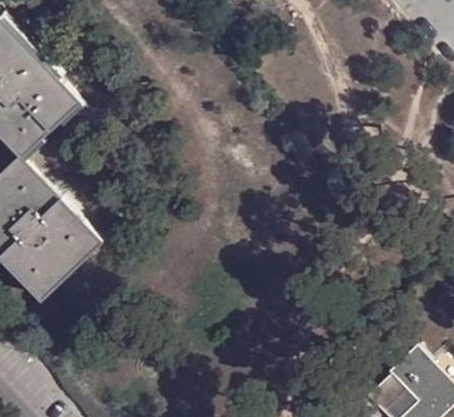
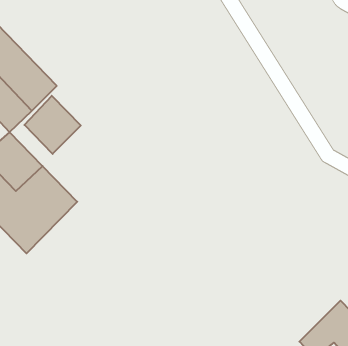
building: none -> [24,96,81,154]

